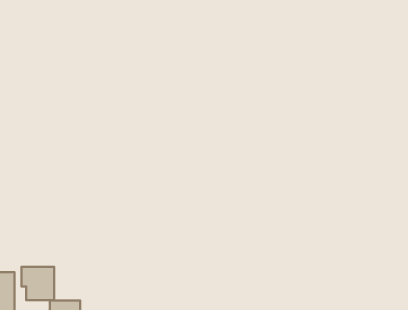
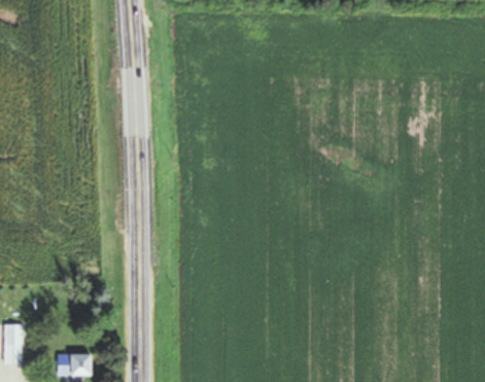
building: [22,267,54,300] -> none

